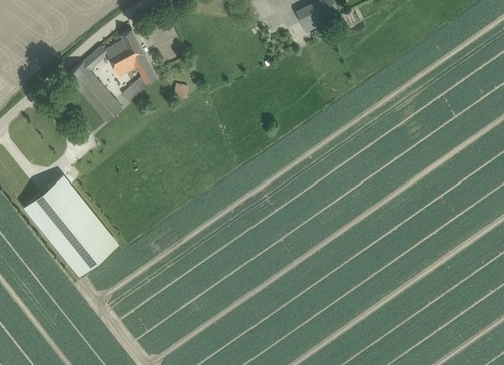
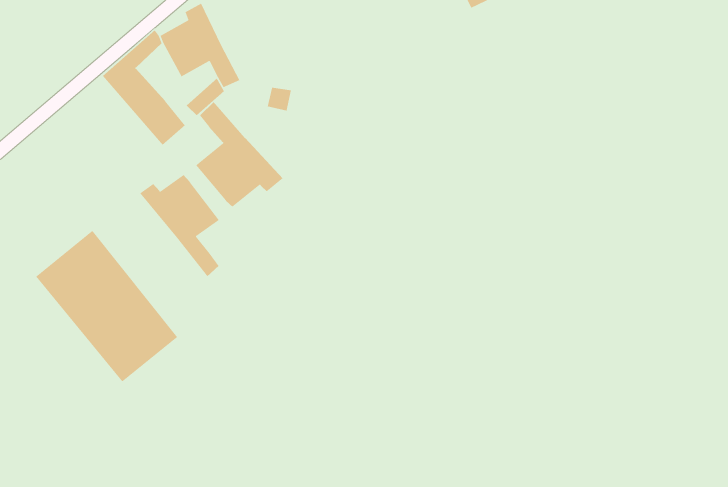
building: none -> [195,101,283,208]
building: none -> [139,174,220,277]

